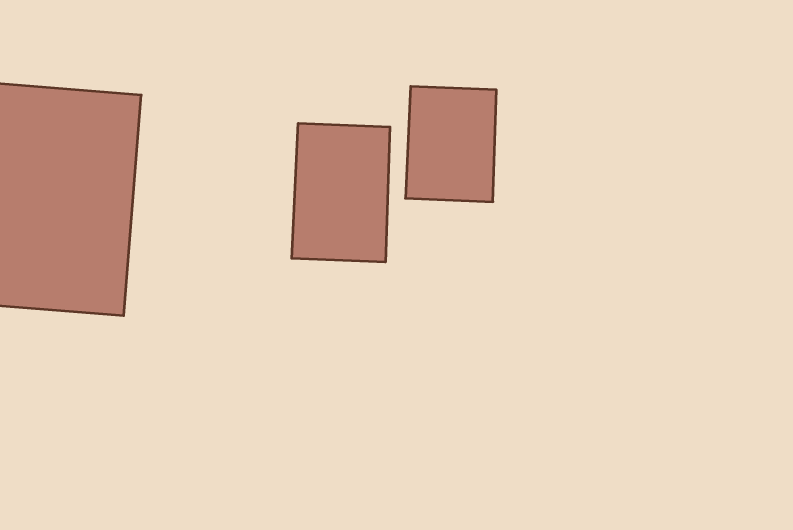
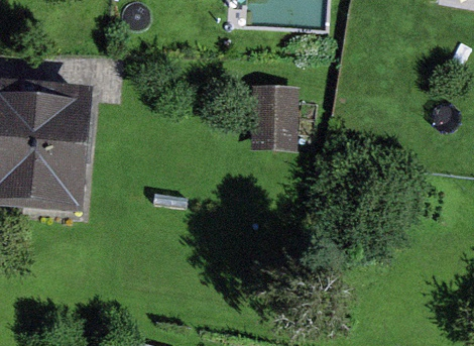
building: [292,123,390,262] -> none

